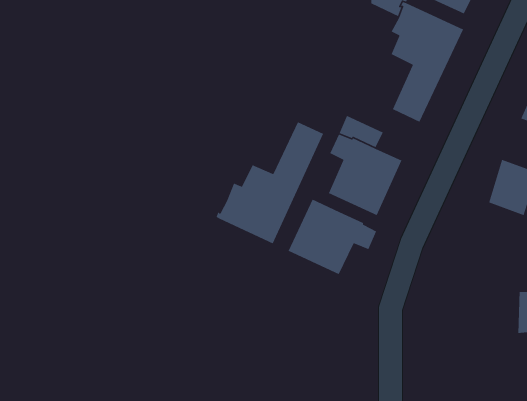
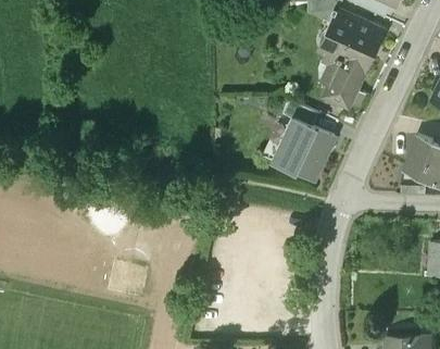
building: [215,121,324,245] -> none
building: [287,199,377,275] -> none

